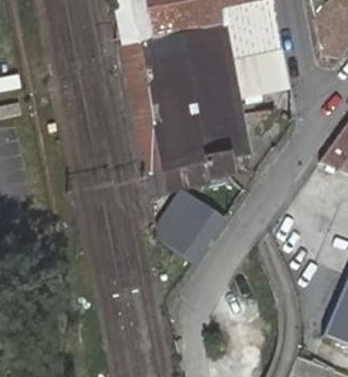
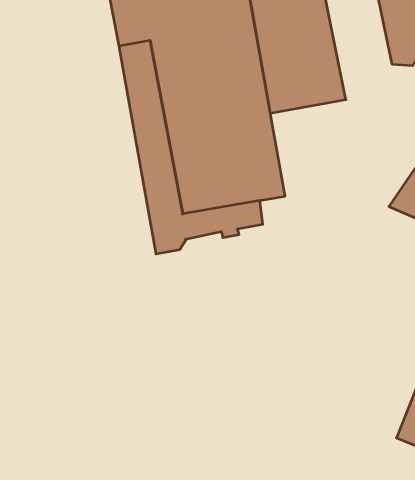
building: [158,193,225,260] -> none

